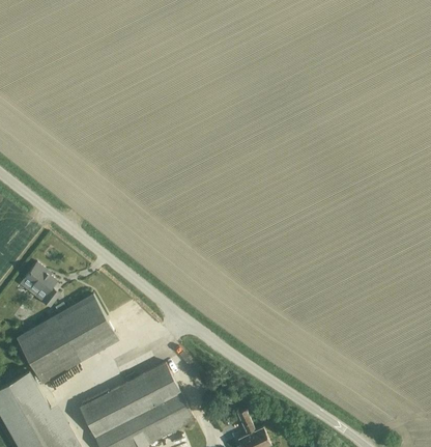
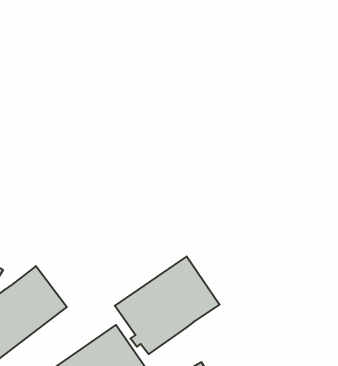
building: none -> [115,256,220,354]

